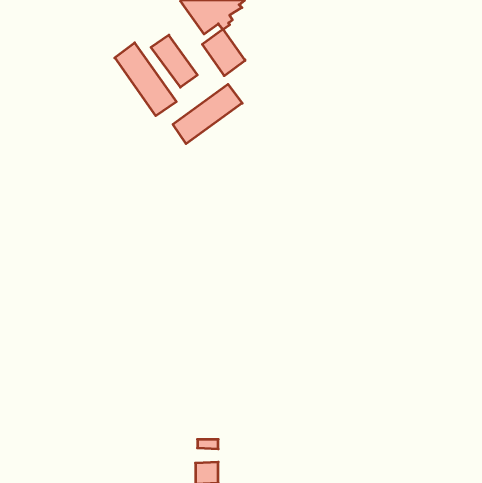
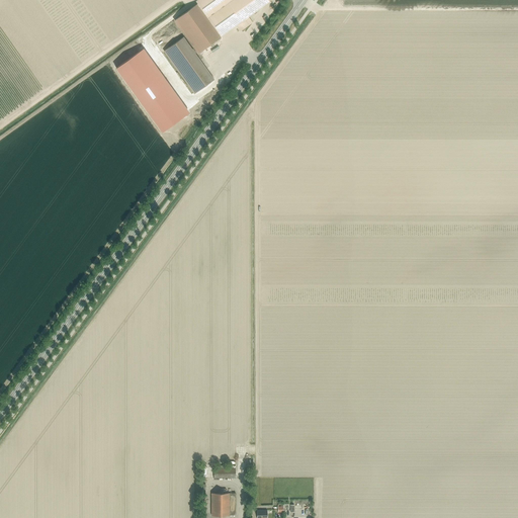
building: [202,29,245,76] -> [172,6,218,56]
building: [173,84,242,144] -> none

